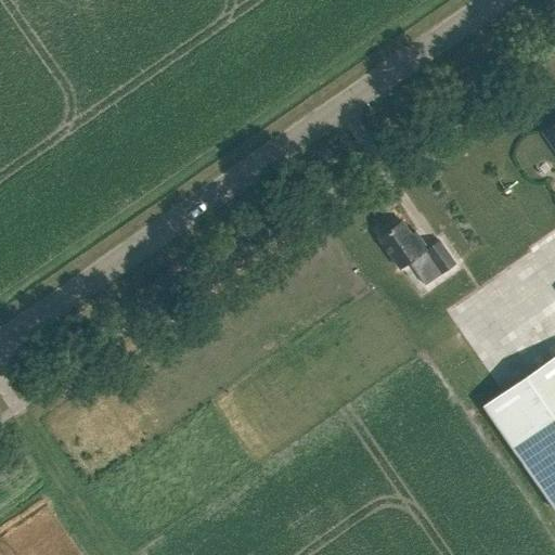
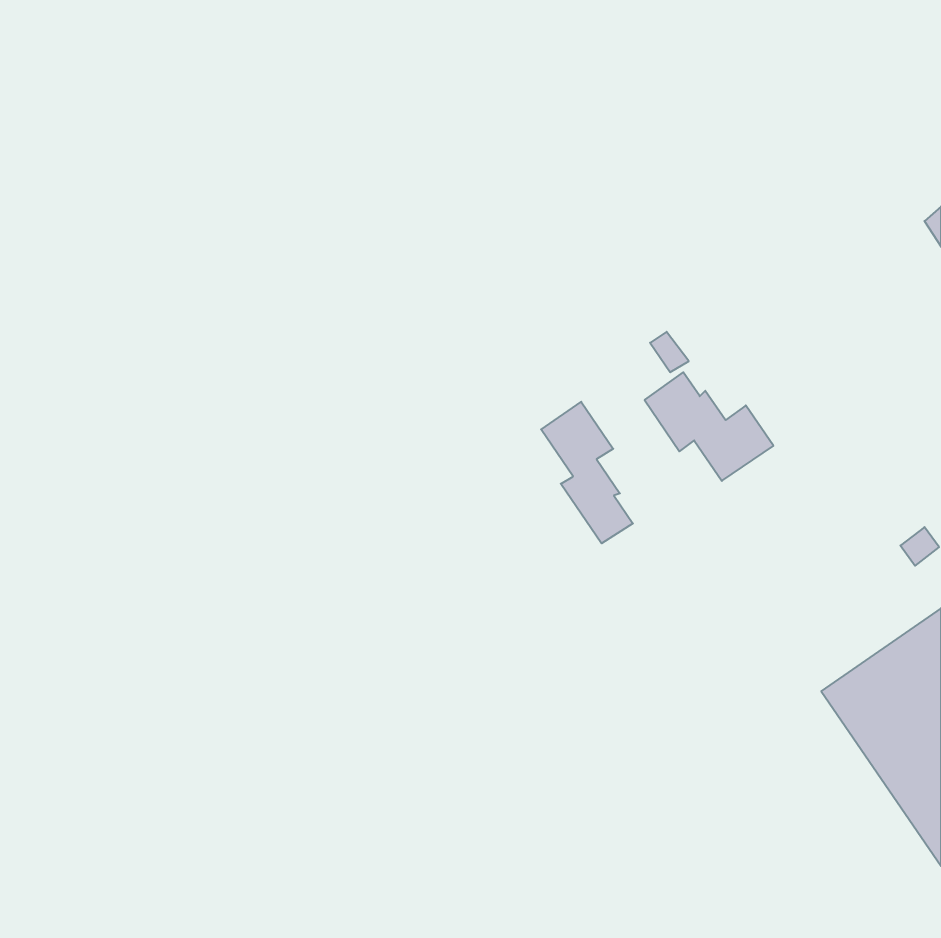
building: none -> [541,402,633,543]

